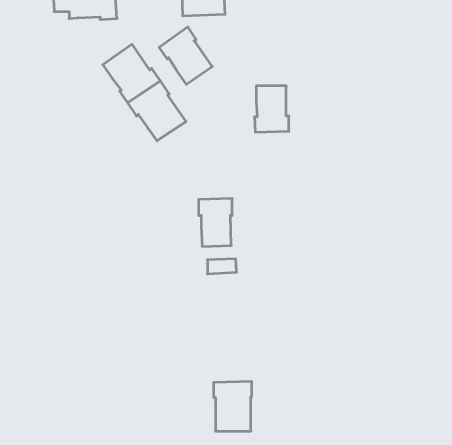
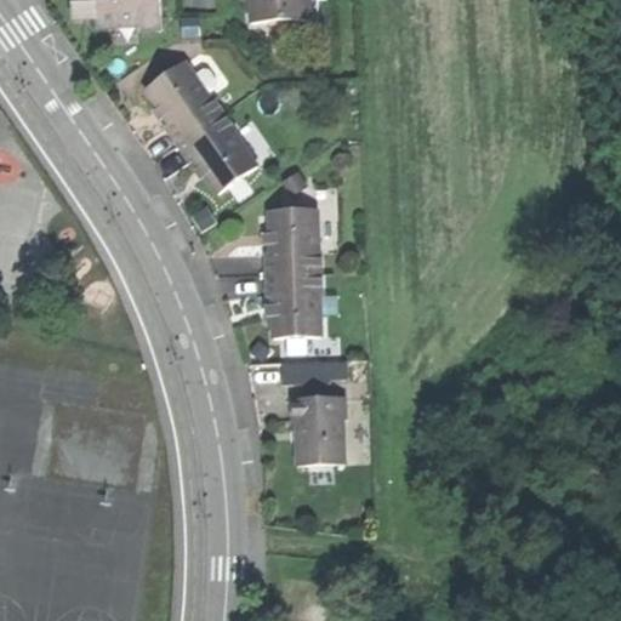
building: [159,27,212,84] -> none
building: [254,86,289,132] -> [270,210,318,273]
building: [214,381,252,431] -> [294,389,346,457]

